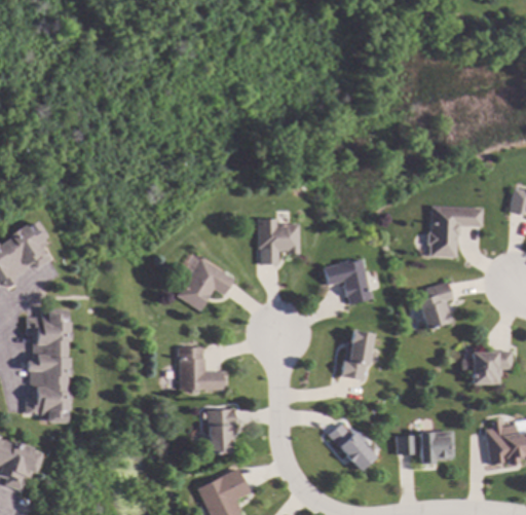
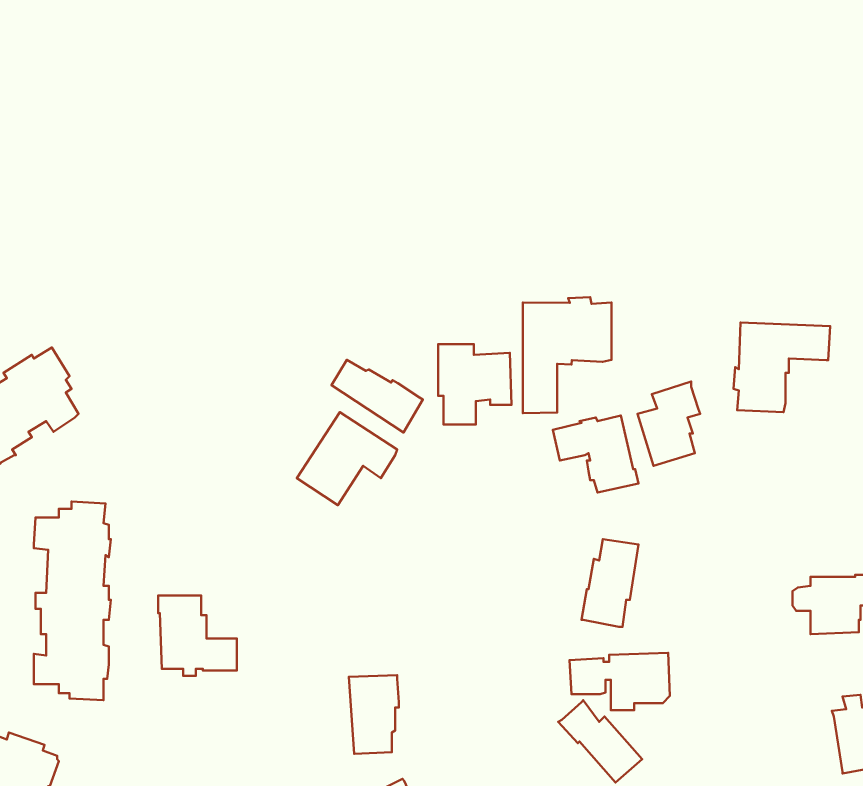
building: none -> [523,297,612,413]
building: none -> [331,360,423,432]
building: [417,281,453,329] -> [637,382,700,466]
building: [178,346,223,393] -> [158,595,237,676]
building: [396,431,453,464] -> [570,653,670,710]

